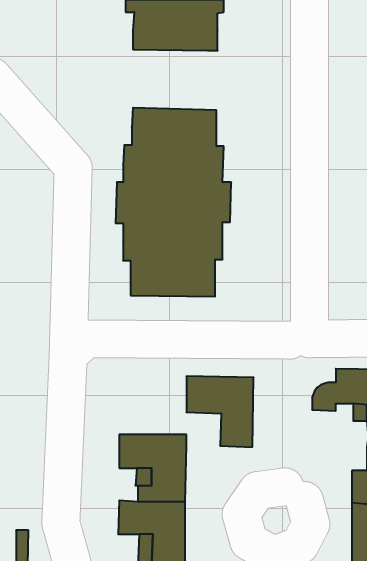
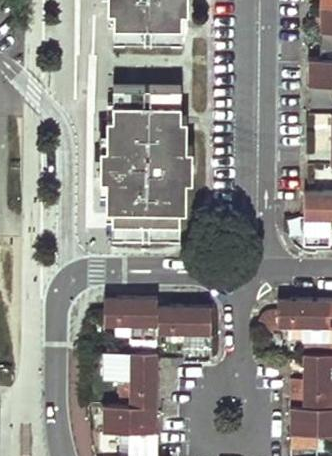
building: none -> [104,299,157,339]

